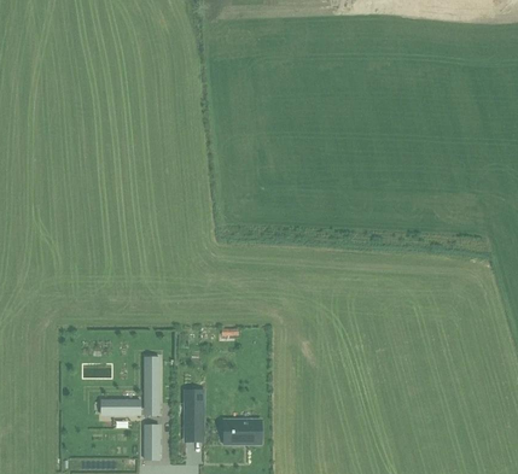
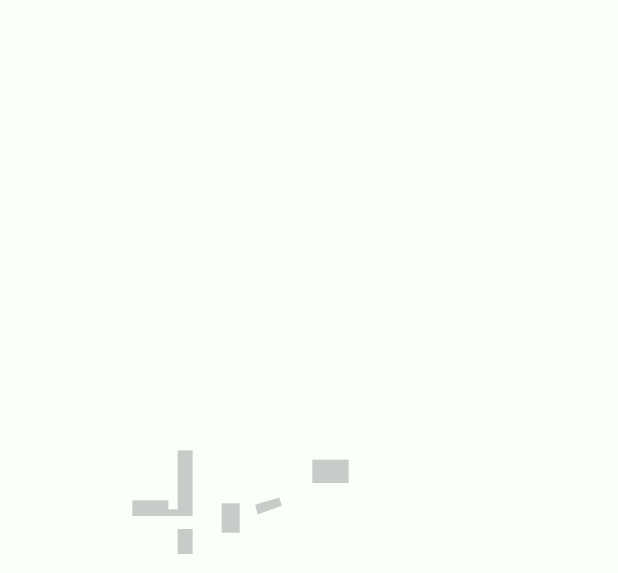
building: [225,421,255,440] -> [312,459,350,483]

